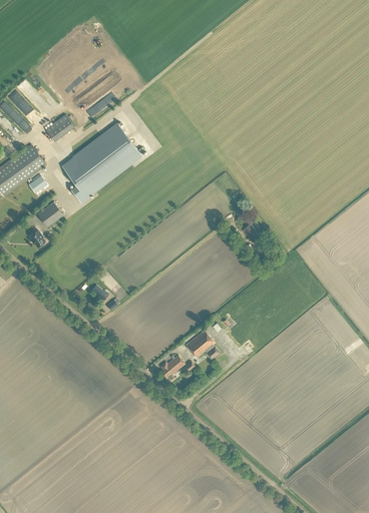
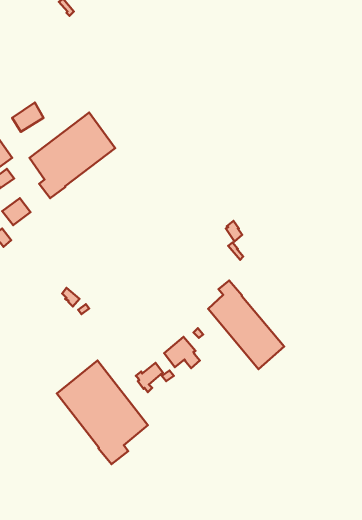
building: none -> [208,281,284,369]
building: none -> [57,360,148,464]

